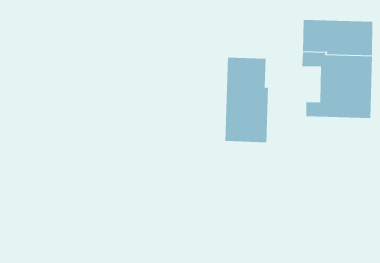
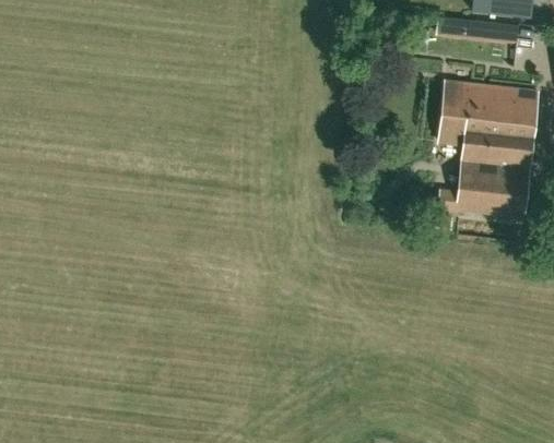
building: [225,57,268,143] -> none

